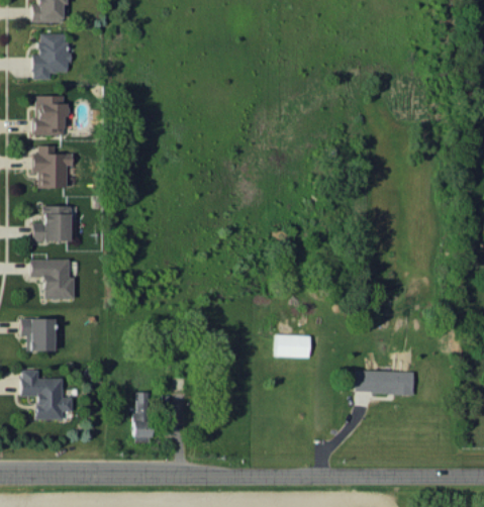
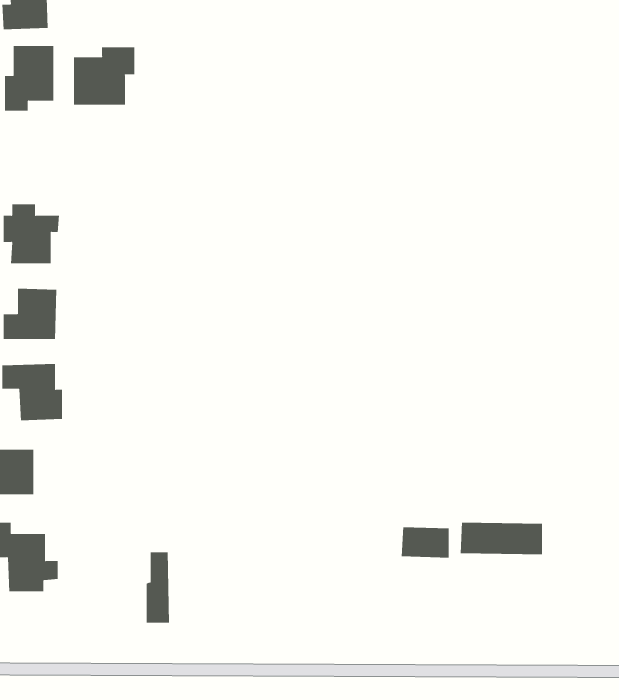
building: none -> [74,46,135,106]
building: [35,95,70,135] -> none
building: [277,335,311,358] -> [401,527,449,558]

